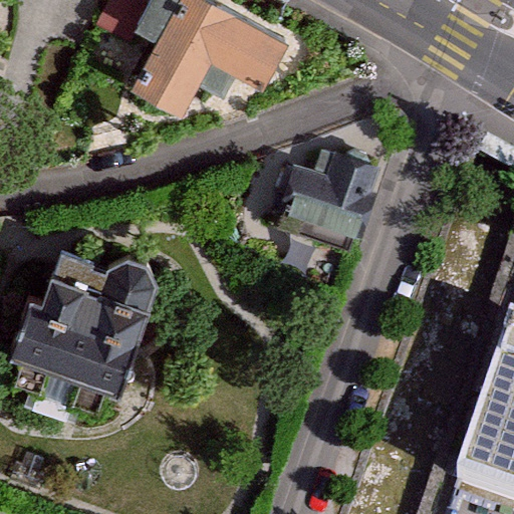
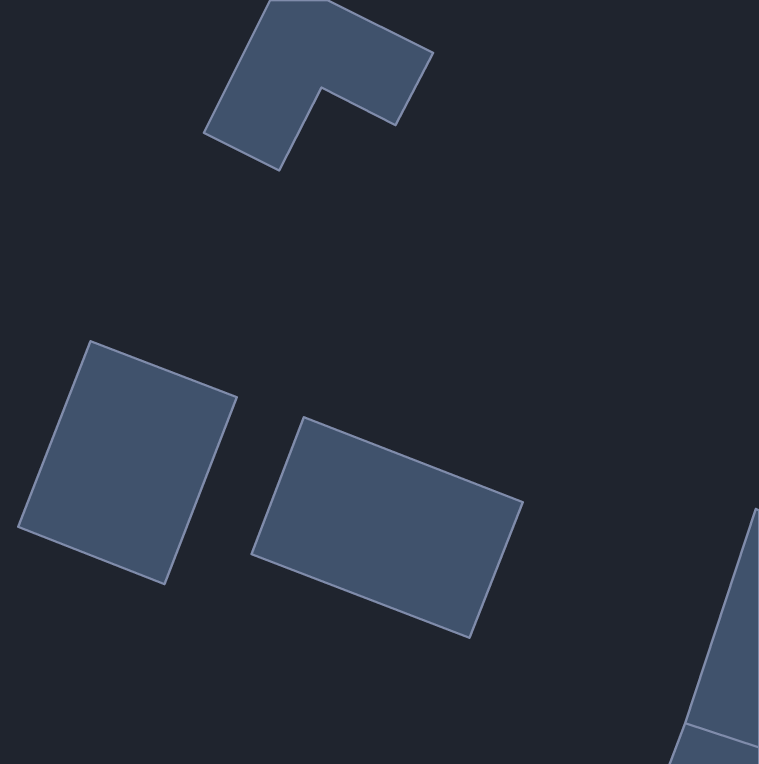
building: [282,159,378,251] -> none
building: none -> [252,417,523,638]

